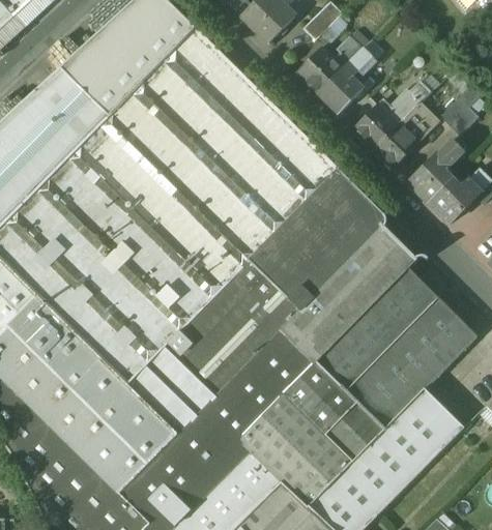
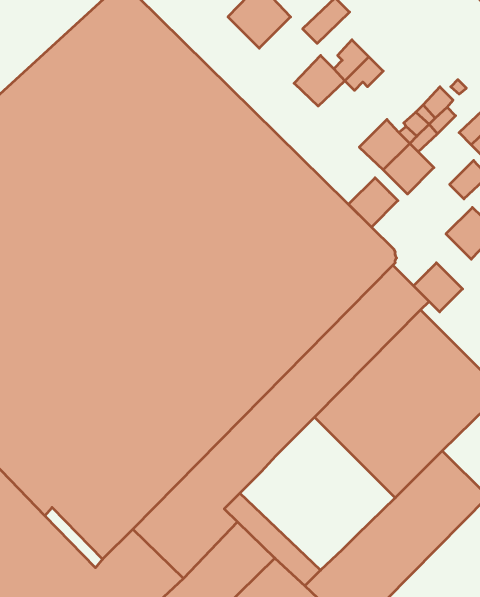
building: [319,70,361,113] -> none
building: [409,159,452,202] -> [349,178,398,227]
building: none -> [413,263,463,312]
building: [283,359,385,461] -> none
building: [252,406,340,491] -> none

